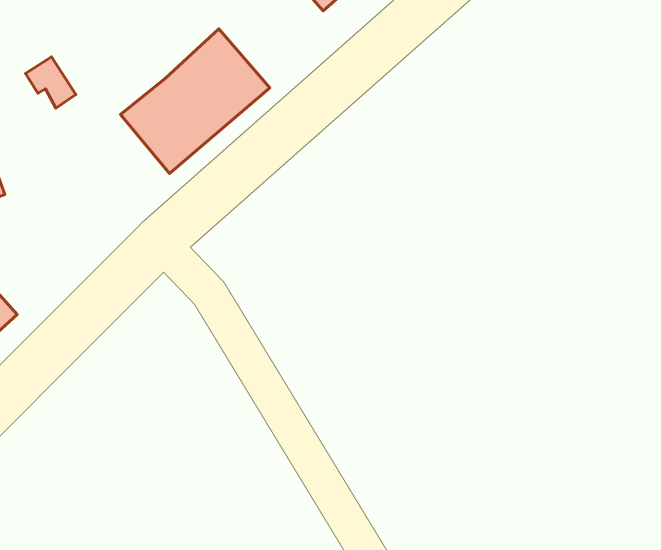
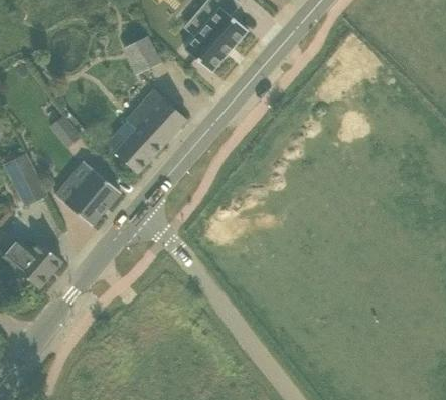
building: none -> [53,159,120,225]

